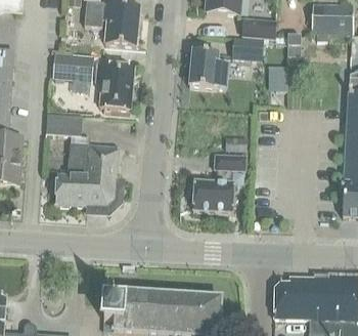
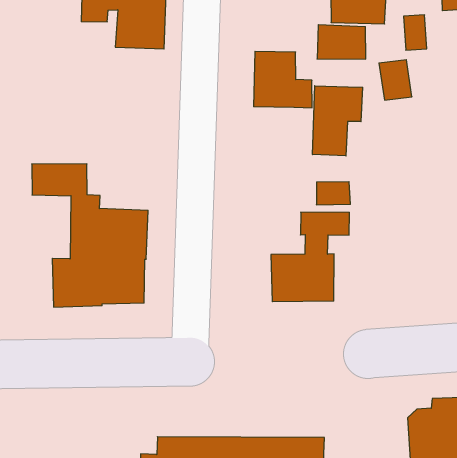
building: [52,50,93,80] -> none
building: [96,61,134,109] -> none
building: none -> [313,86,363,156]

